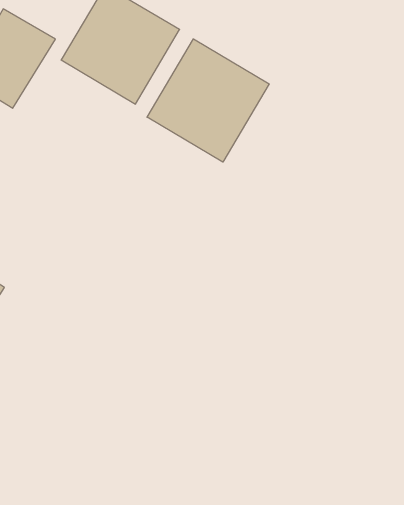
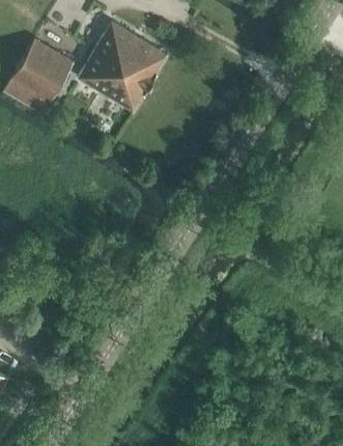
building: [147,39,269,162] -> none

